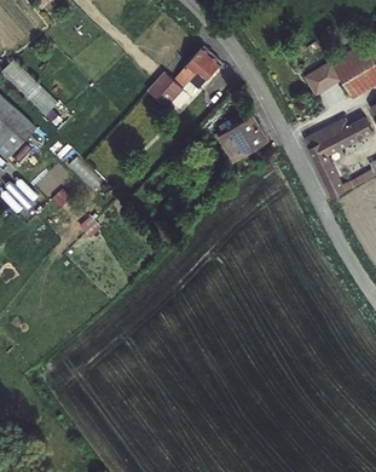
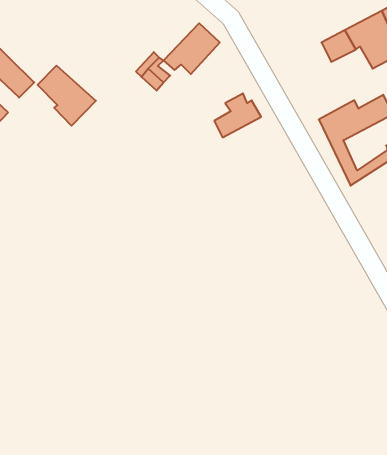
building: none -> [38,66,96,126]
building: [226,134,266,166] -> none

